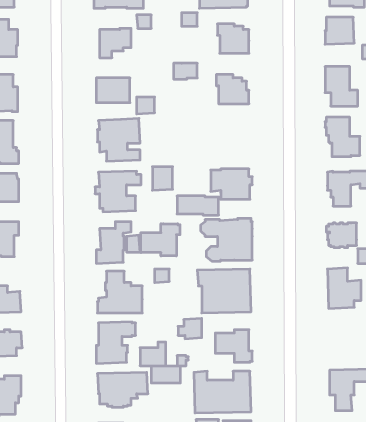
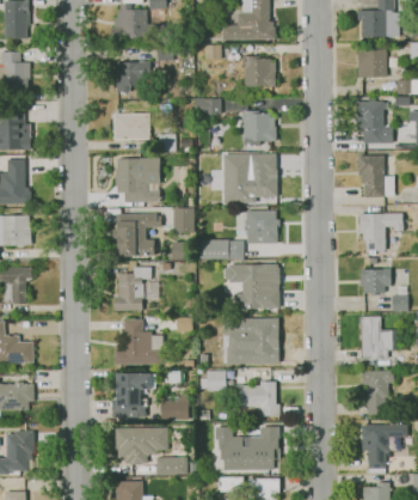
building: none -> [222,152,276,202]
building: [141,224,180,256] -> none
building: none -> [362,371,394,414]
building: [151,366,180,383] -> [156,457,188,475]

